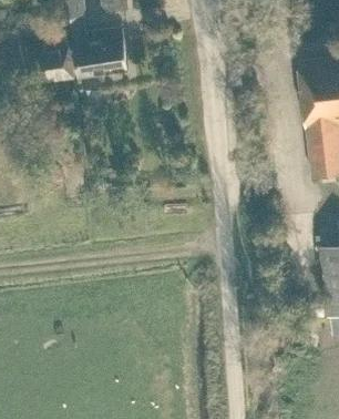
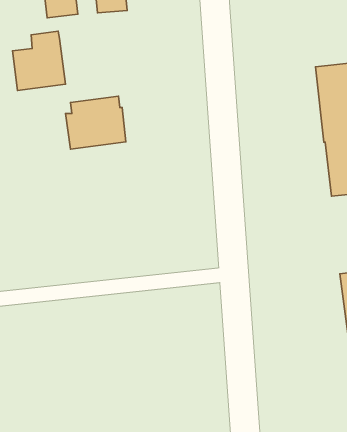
building: [74,30,129,78] -> [66,96,126,149]

